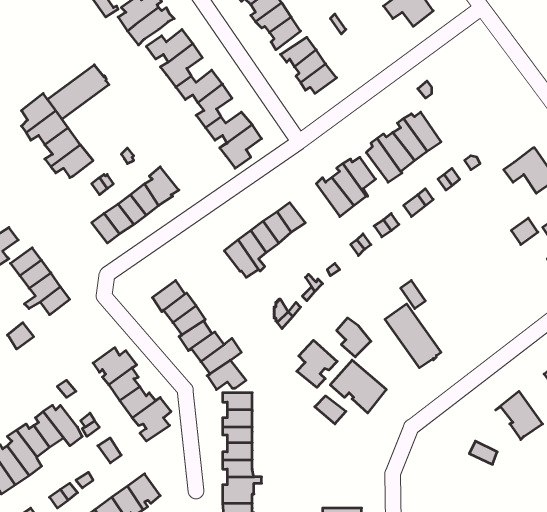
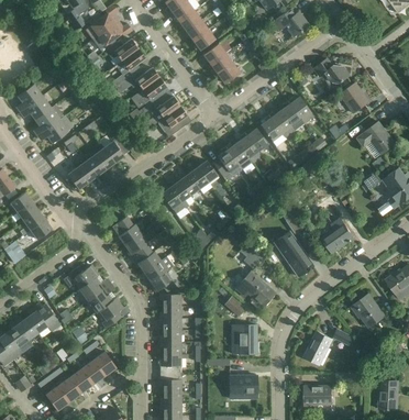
building: none -> [313,58,350,82]
building: [47,65,109,119] -> none
building: none -> [340,84,369,113]
building: none -> [212,147,242,181]
building: none -> [321,218,354,254]
building: [297,340,337,387] -> none
building: none -> [231,325,257,354]
building: none -> [303,332,332,365]

